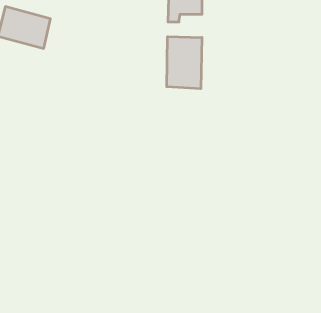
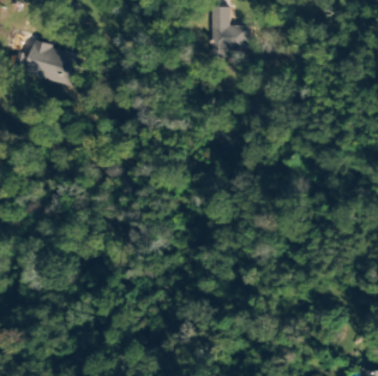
building: [167,37,202,89] -> none

